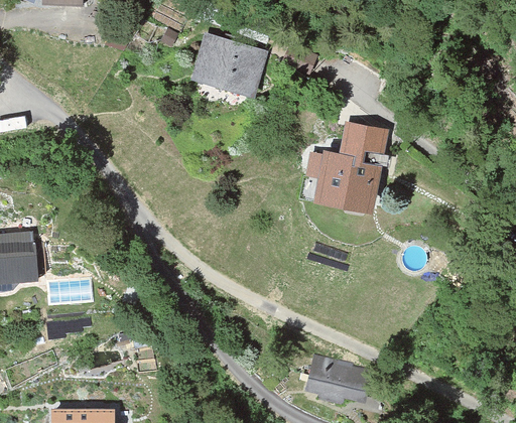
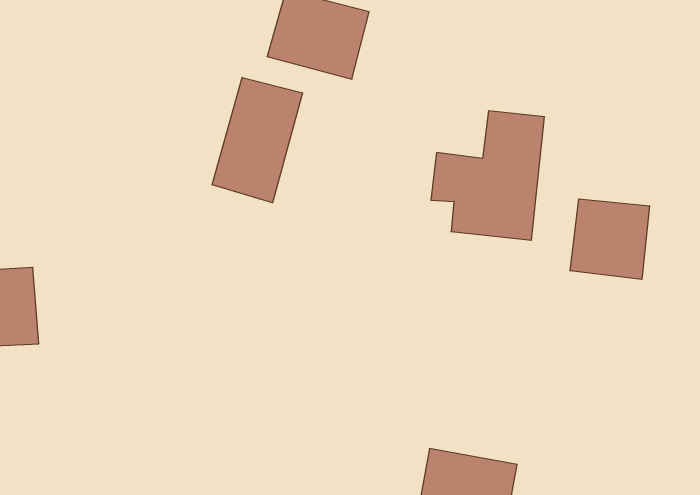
building: none -> [212,77,302,203]
building: none -> [570,199,649,279]

